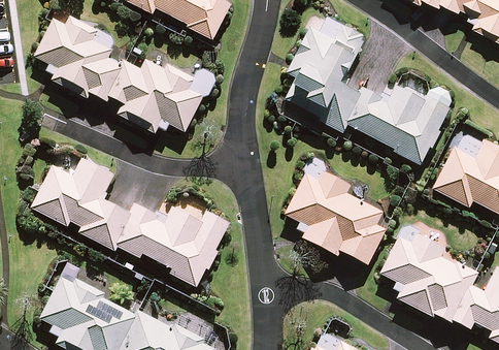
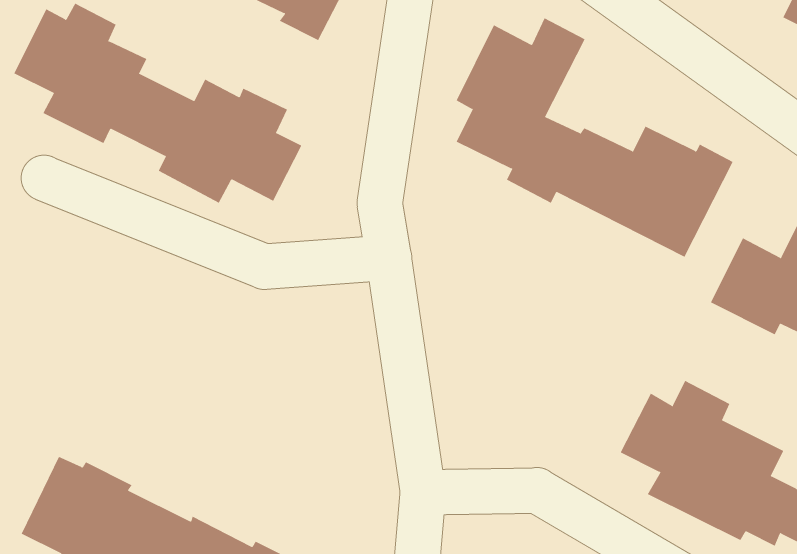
building: [33,160,227,285] -> none
building: [284,172,385,263] -> none

